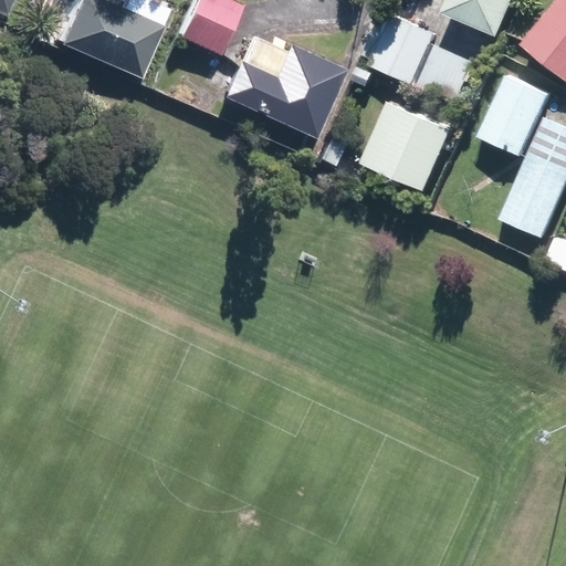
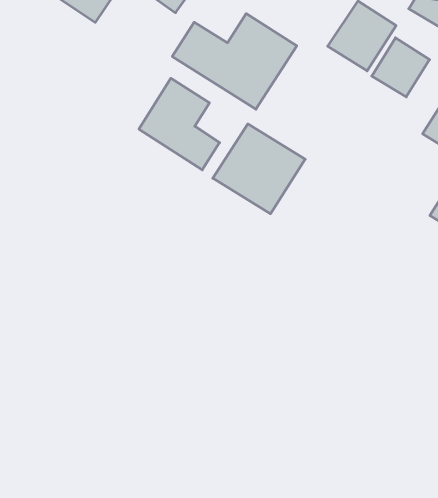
building: [364,101,453,187] -> [213,124,305,214]
building: none -> [139,78,220,170]

